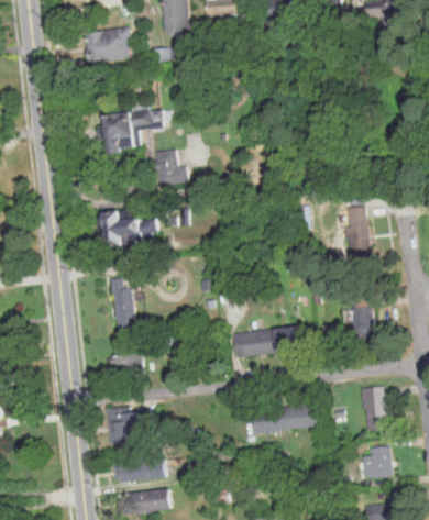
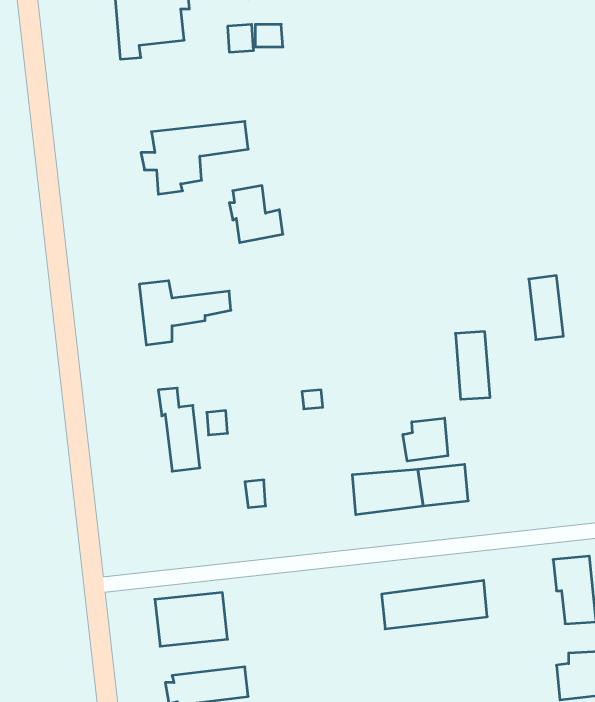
building: [353,298,375,341] -> [455,332,490,399]
building: none -> [403,418,448,461]
building: [109,348,143,378] -> none

